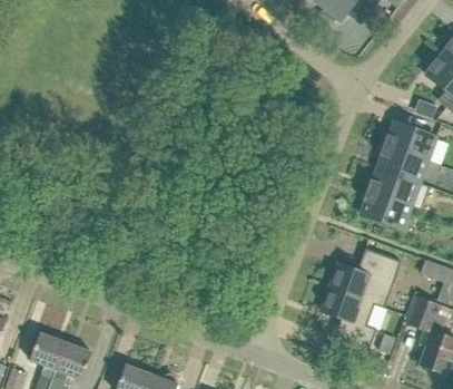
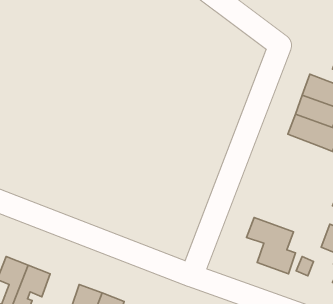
building: [360,189,411,228] -> none
building: [328,246,401,307] -> none

